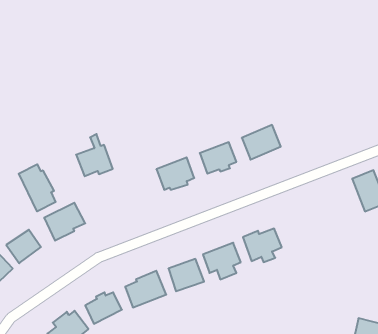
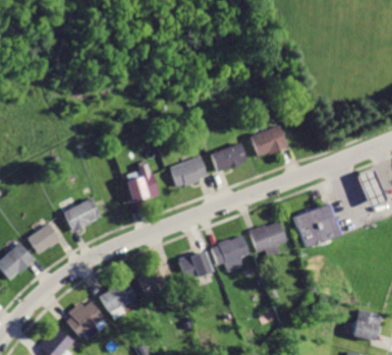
building: [76,134,113,176] -> [124,163,159,202]
building: [19,164,56,211] -> none
building: none -> [292,202,339,248]

